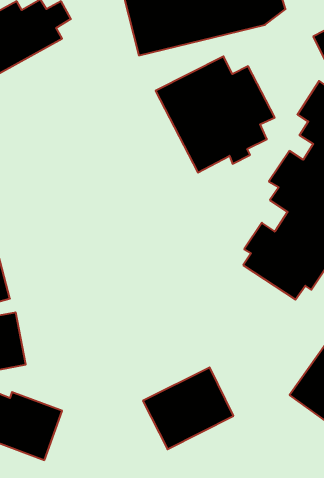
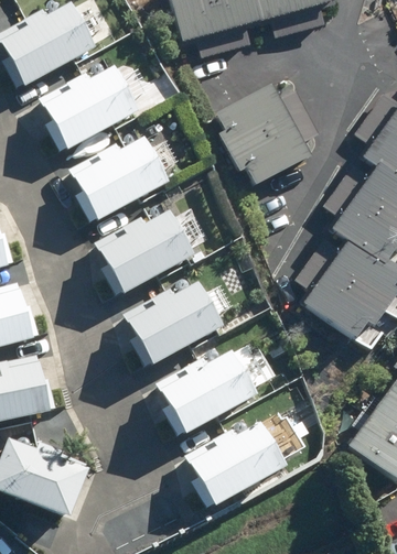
building: none -> [34,65,138,152]
building: none -> [67,134,168,221]
building: none -> [94,210,192,293]
building: none -> [124,281,224,366]
building: none -> [153,348,256,433]

